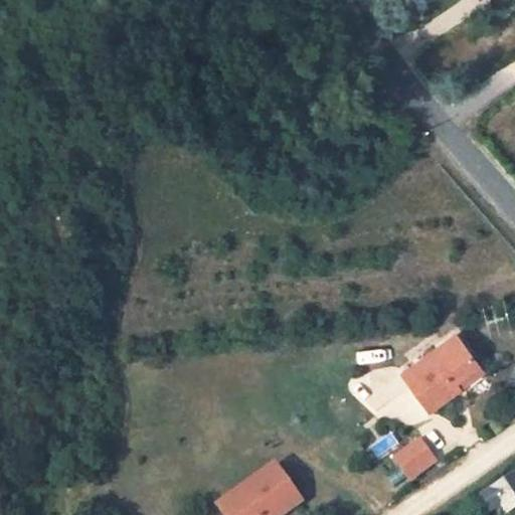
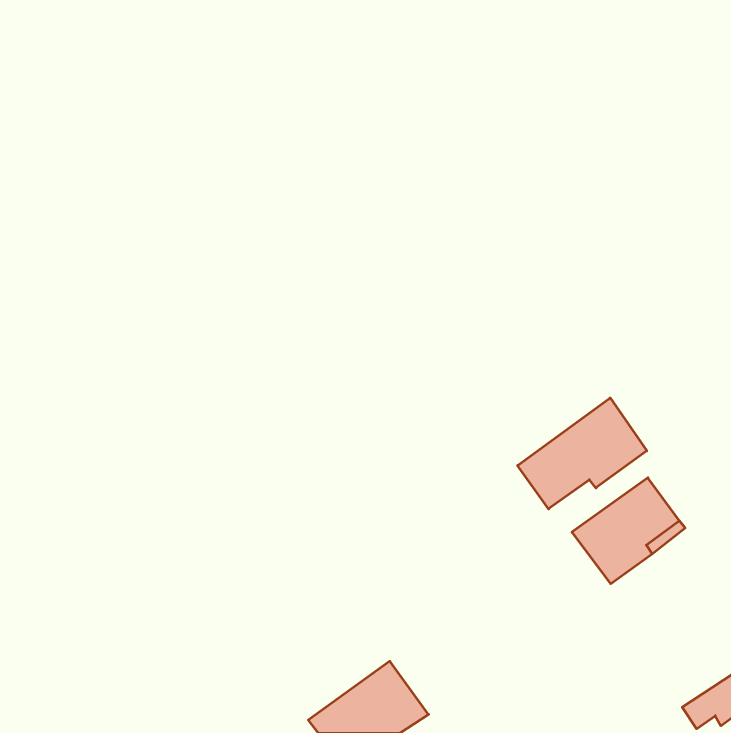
building: none -> [518,398,647,509]
building: [395,441,435,479] -> none

